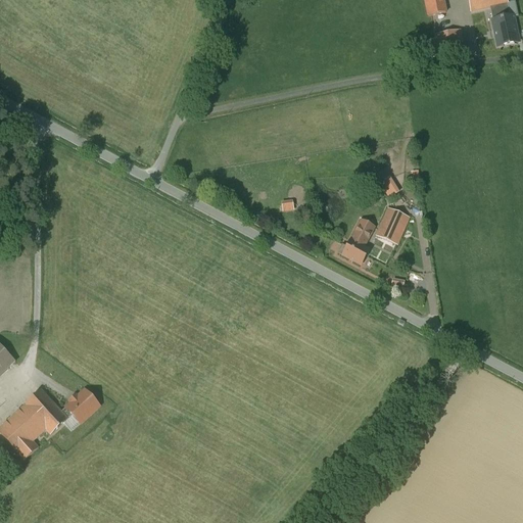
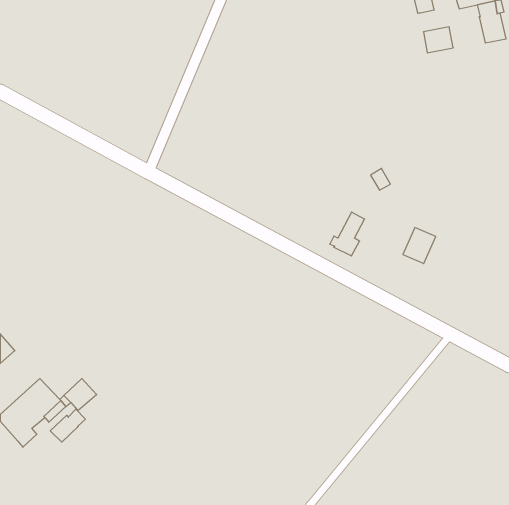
building: [376,205,410,242] -> [403,228,436,264]
building: none -> [50,409,85,442]

